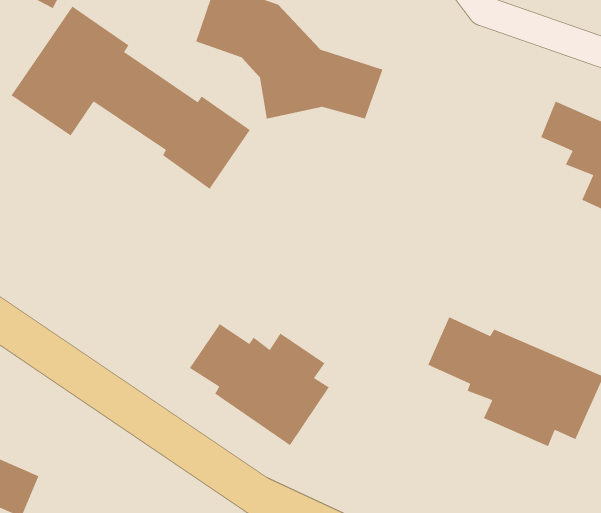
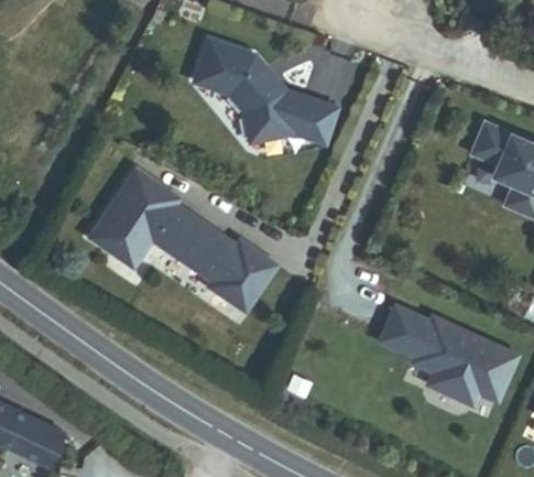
building: [11,6,251,190] -> [85,164,279,313]
building: [189,323,330,446] -> none

